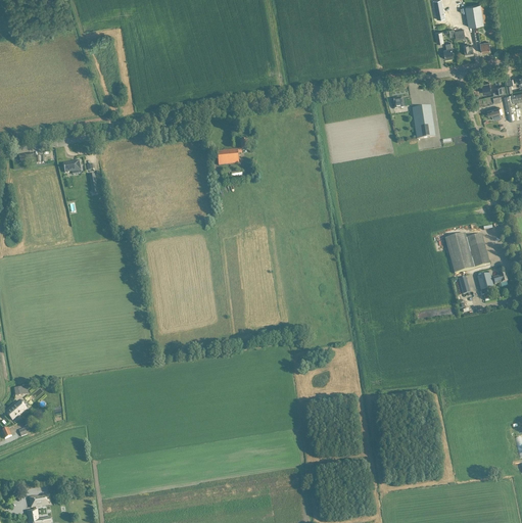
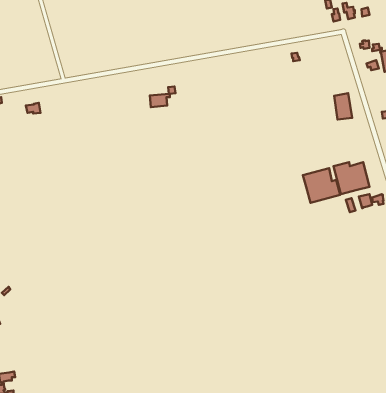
building: [412,104,434,137] -> [334,93,352,120]
building: none -> [303,168,340,203]

